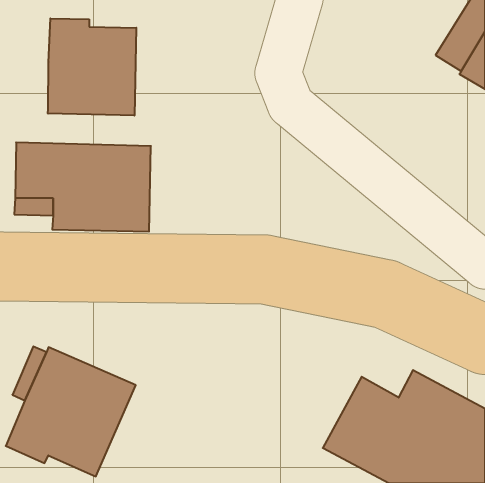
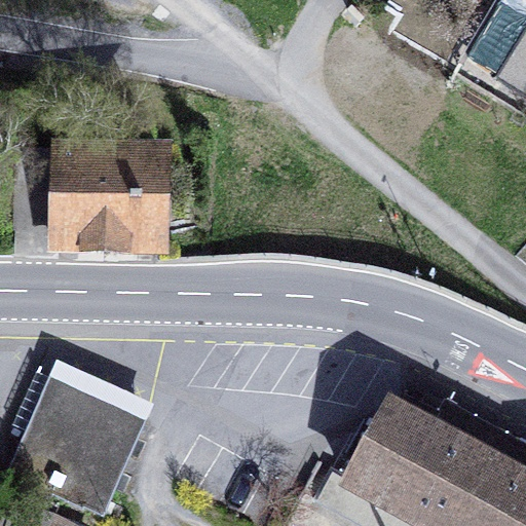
building: [48,18,136,116] -> none

